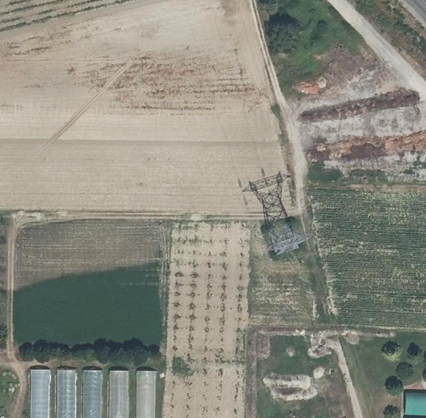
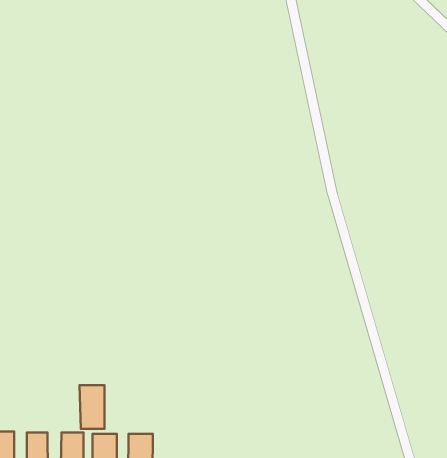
building: none -> [79,385,105,429]

